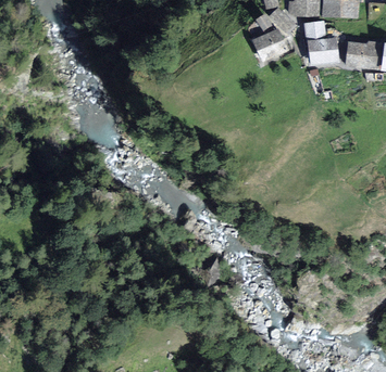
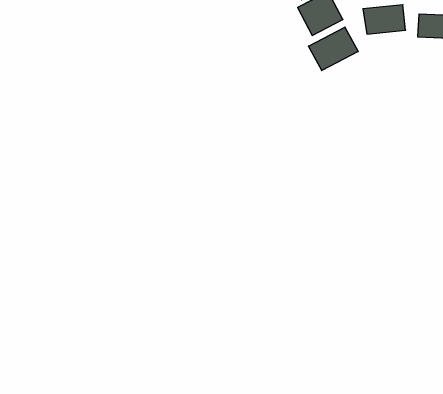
building: none -> [308,27,358,71]

